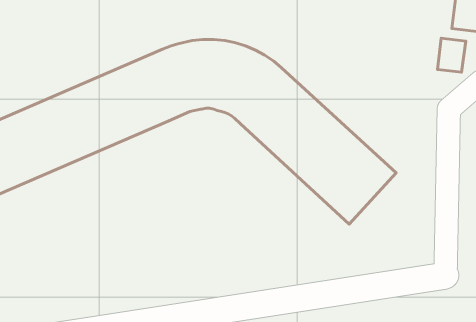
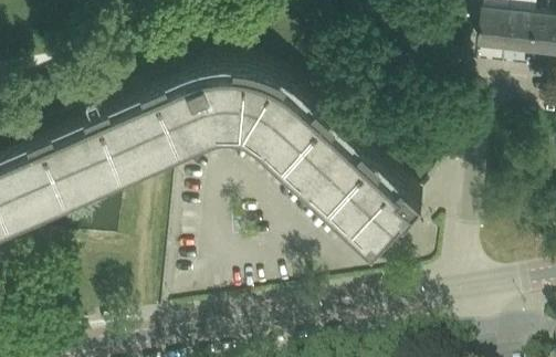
building: [437,38,466,72] -> none

